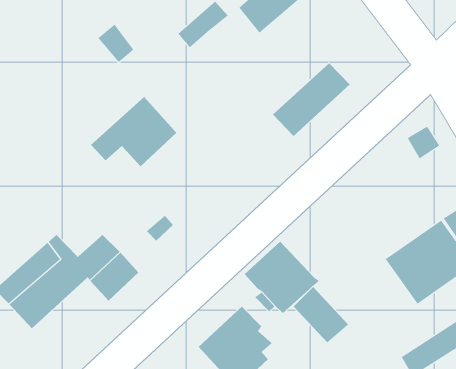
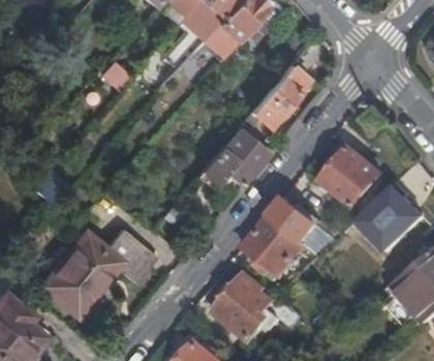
building: [90,96,177,167] -> [198,129,268,187]
building: none -> [322,147,381,207]
building: [293,286,349,343] -> [270,198,317,242]

